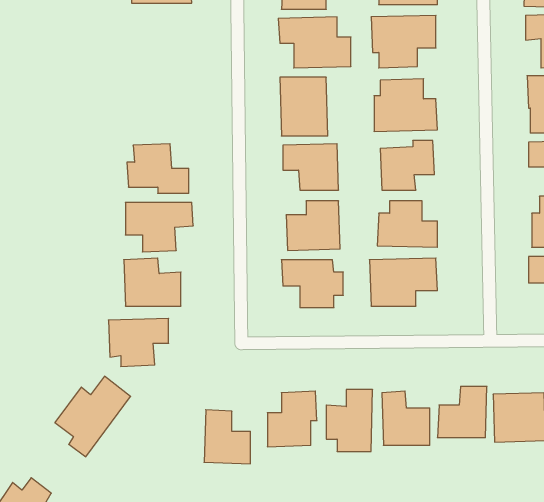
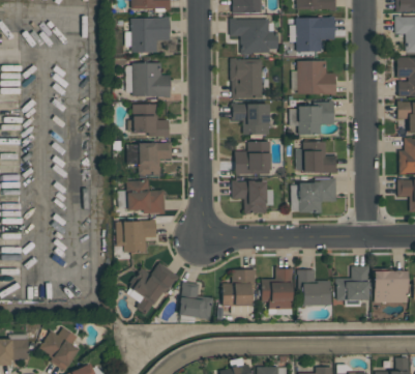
building: none -> [131,18,171,53]
building: none -> [128,63,171,96]
building: [55,376,131,457] -> [127,262,178,316]

